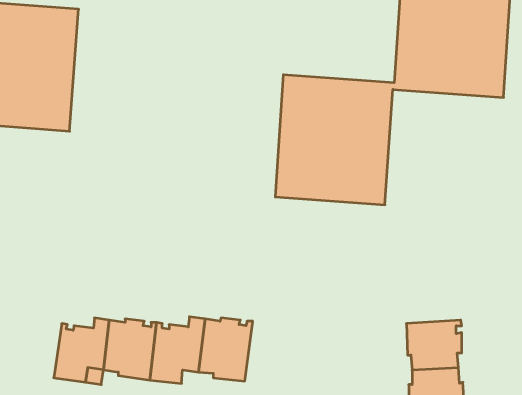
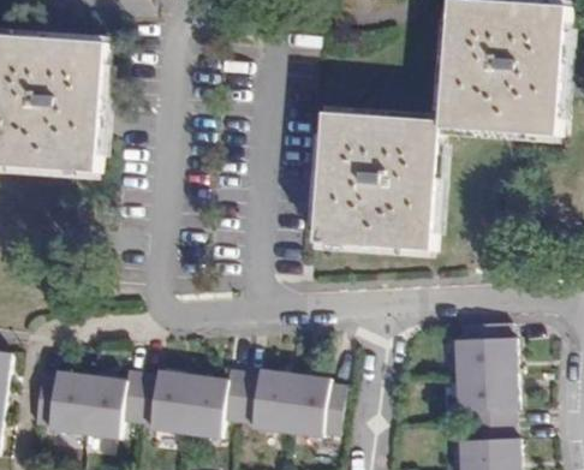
building: none -> [455,322,514,376]
building: none -> [32,373,90,434]
building: none -> [285,374,342,442]

